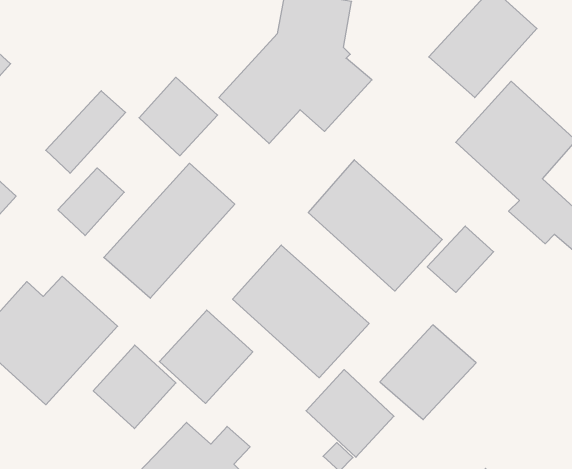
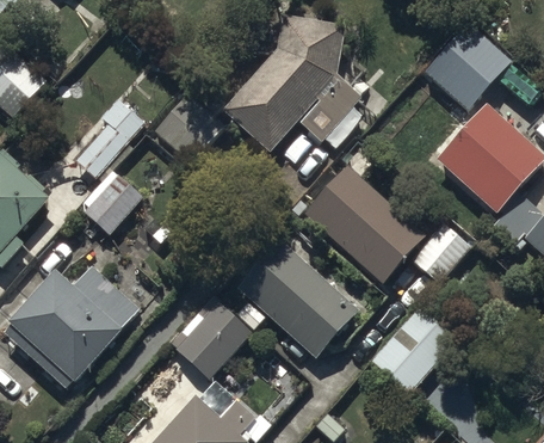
building: [104,163,235,298] -> none
building: [93,345,176,429] -> none
building: [306,370,394,457] -> none

